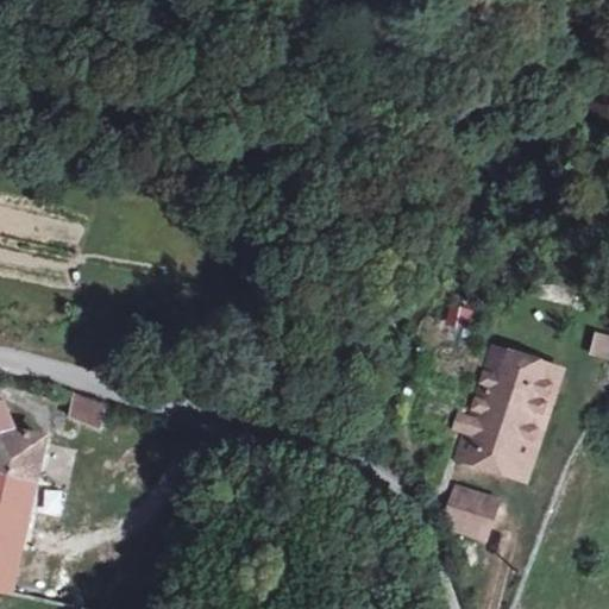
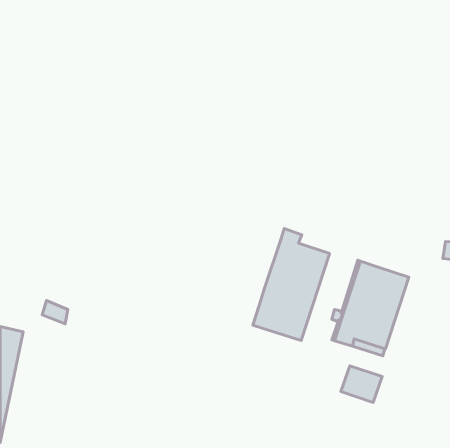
building: none -> [253,229,329,340]

